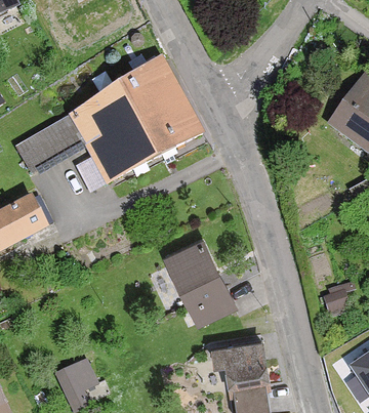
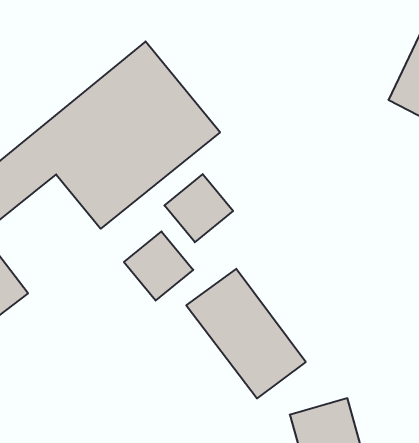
building: none -> [164,174,233,242]
building: none -> [124,231,193,301]

